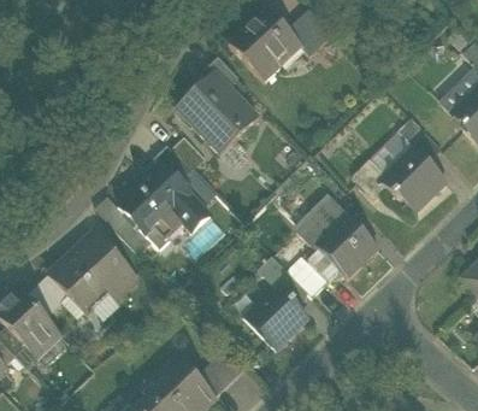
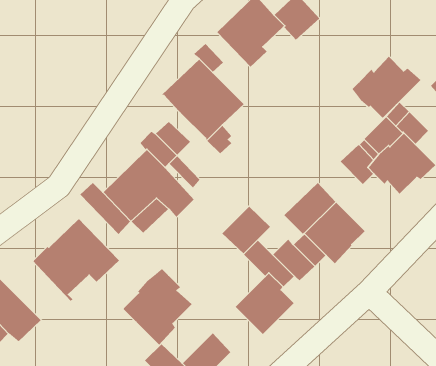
building: none -> [351,56,421,119]
building: none -> [222,206,271,254]
building: [29,272,70,315] -> none
building: none -> [122,268,192,346]

